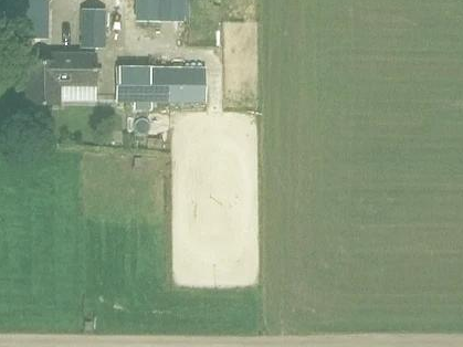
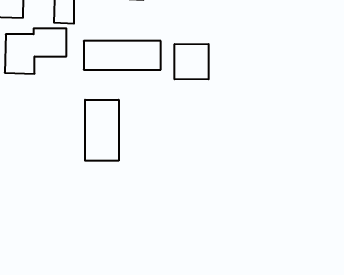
building: none -> [175,44,209,79]
building: none -> [85,100,119,161]

